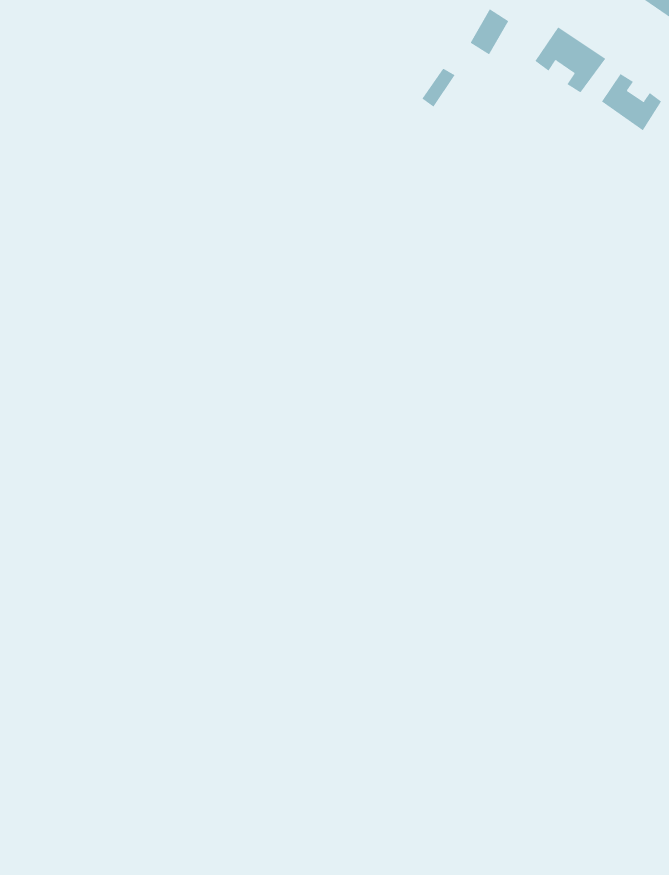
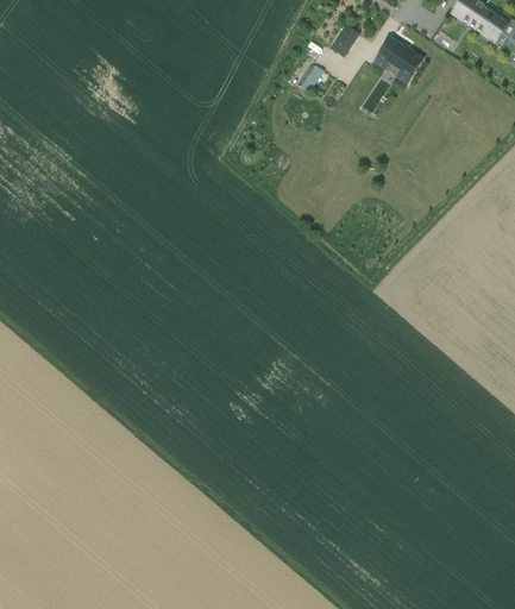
building: [601,73,662,131] -> none

